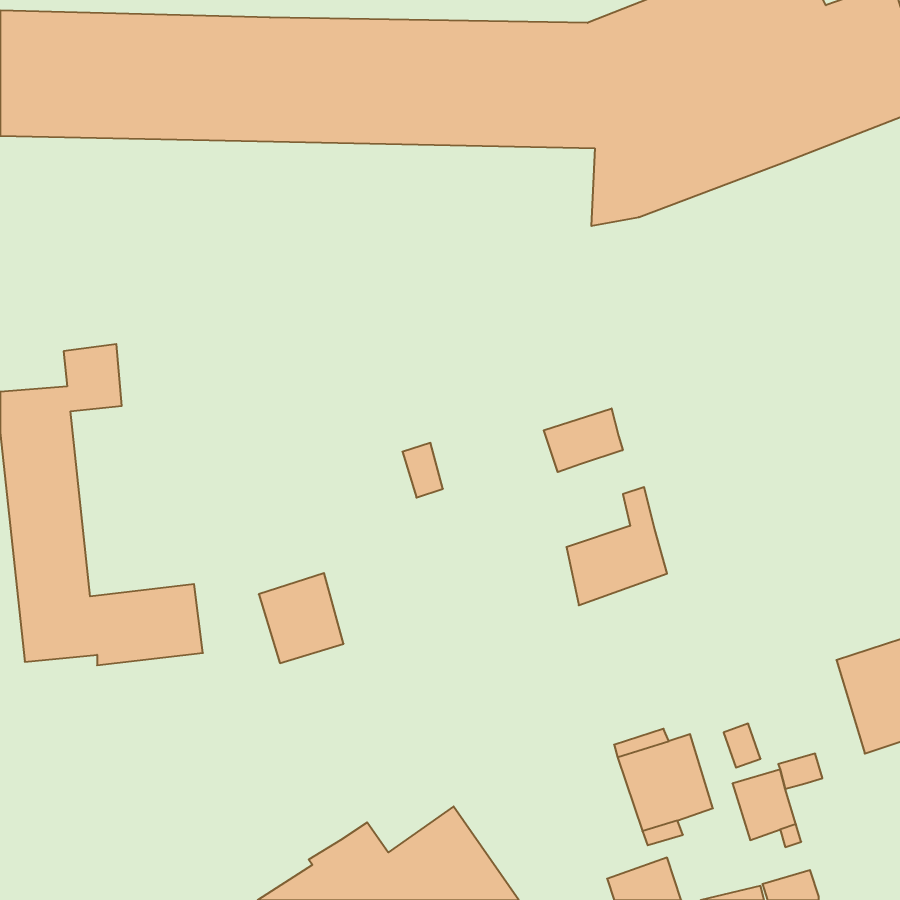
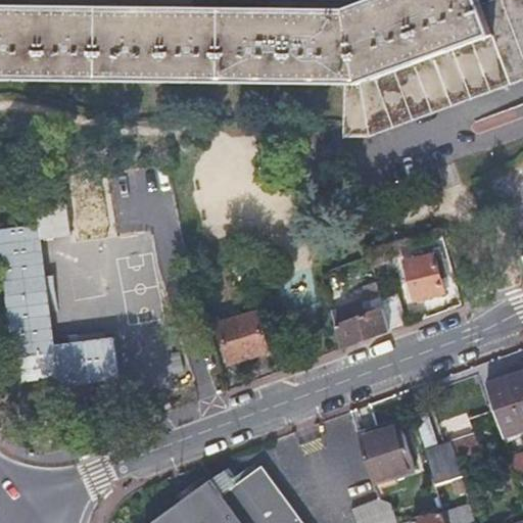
building: [544,408,623,472] -> none
building: none -> [403,254,443,301]
building: [259,573,344,663] -> [217,312,266,364]

